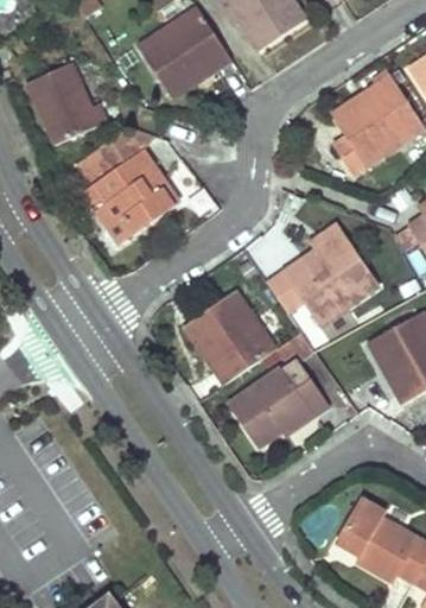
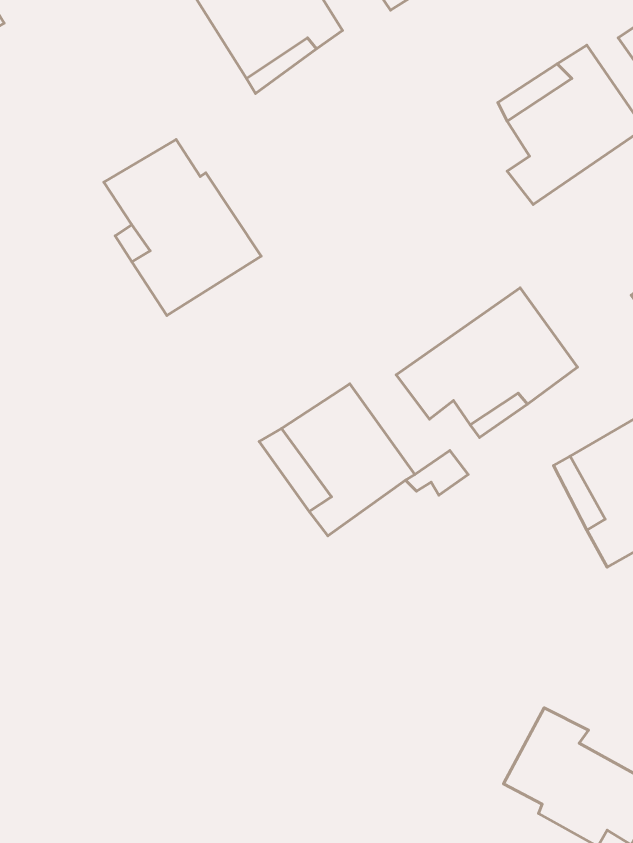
building: [25,65,106,142] -> none
building: [229,366,330,446] -> none

